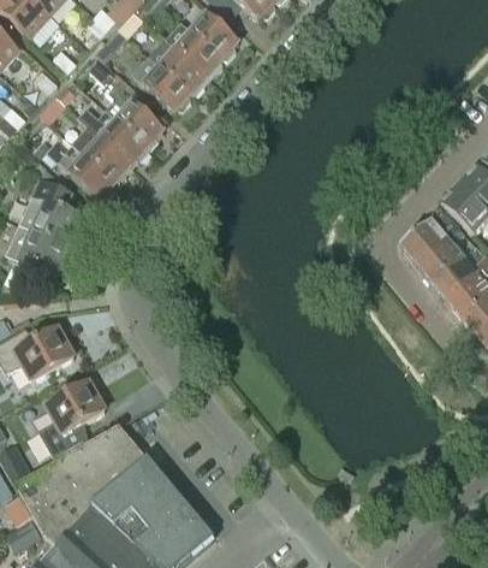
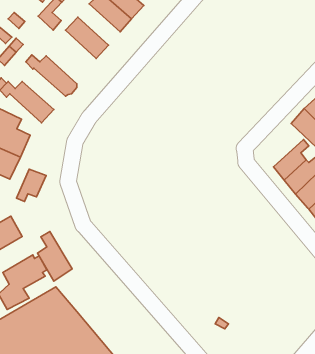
building: [149,39,207,95] -> none
building: [102,78,165,148] -> none
building: [73,126,132,183] -> none
building: [400,206,457,261] -> none
building: none -> [16,169,46,201]
building: none -> [38,231,72,281]

